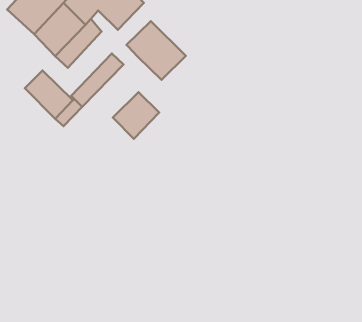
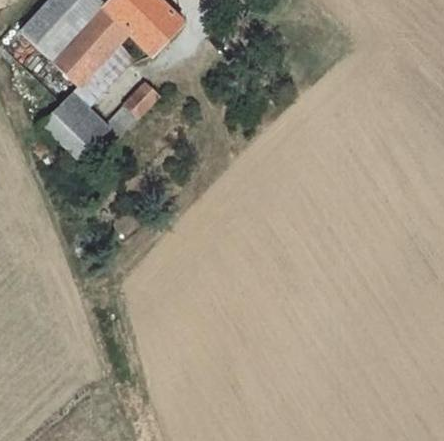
building: [127,21,186,80] -> none
building: [113,92,159,139] -> none

